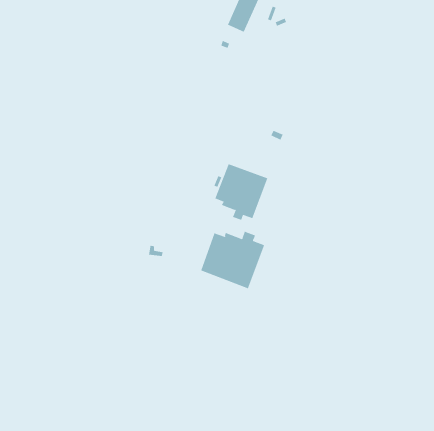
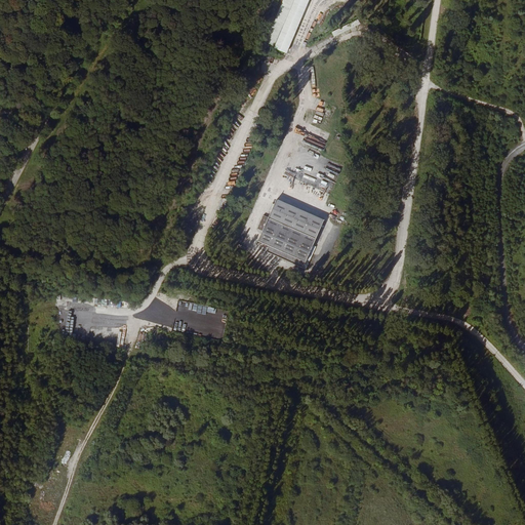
building: [200,231,265,289] -> none

